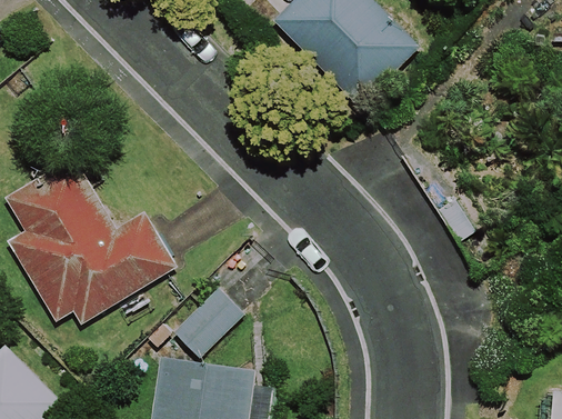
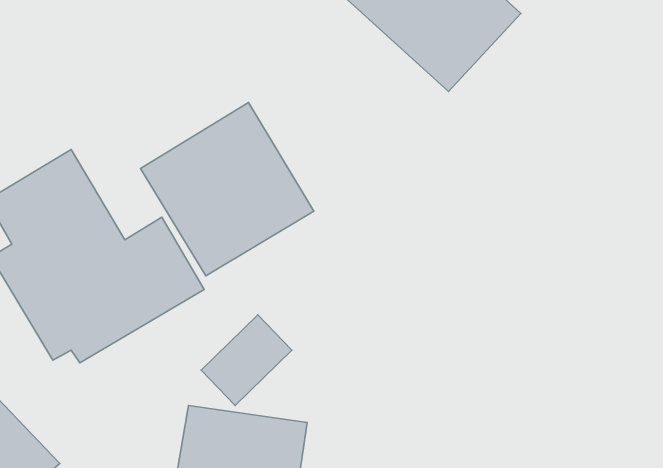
building: none -> [141,103,314,276]

